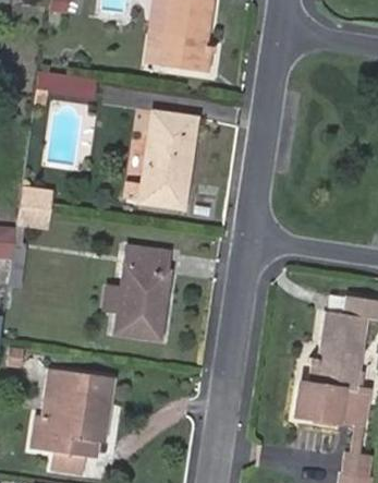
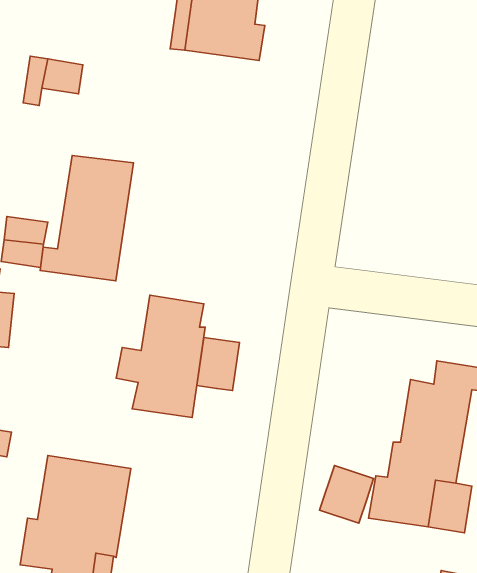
building: [127,113,197,207] -> [40,155,133,281]
building: none -> [197,337,240,391]
building: none -> [320,466,374,523]

